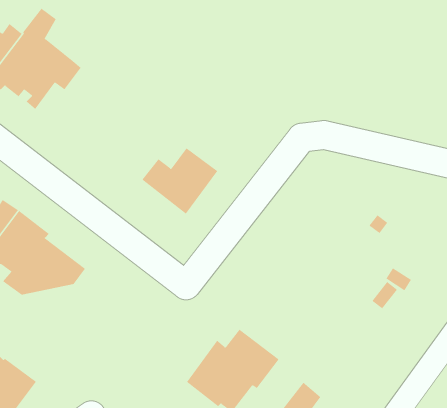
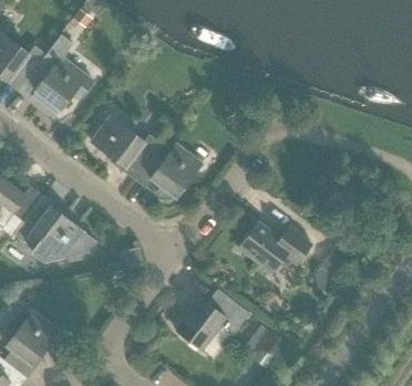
building: none -> [92,115,156,179]
building: none -> [238,222,311,273]

